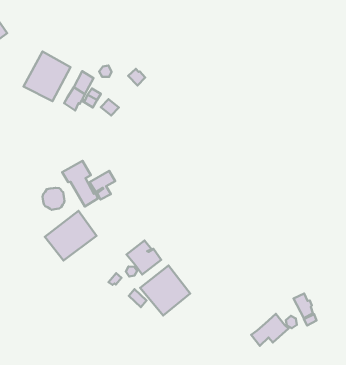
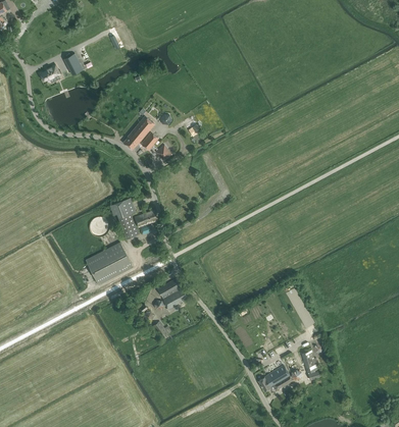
building: [23,52,71,101] -> none
building: [140,266,190,315] -> none

